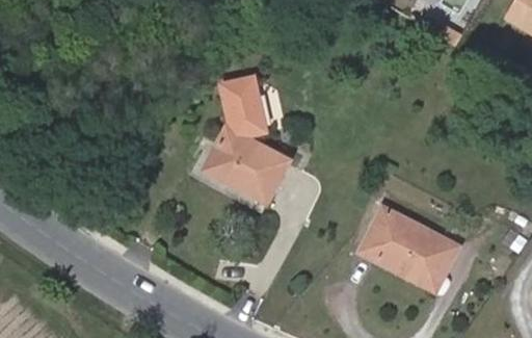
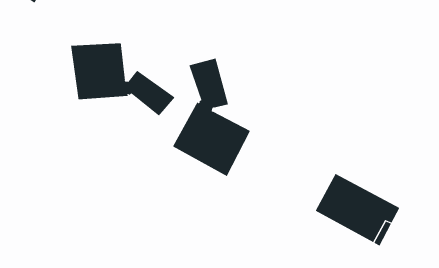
building: none -> [70,42,175,117]

